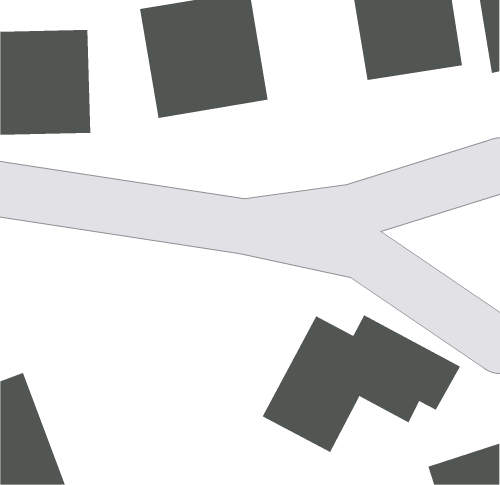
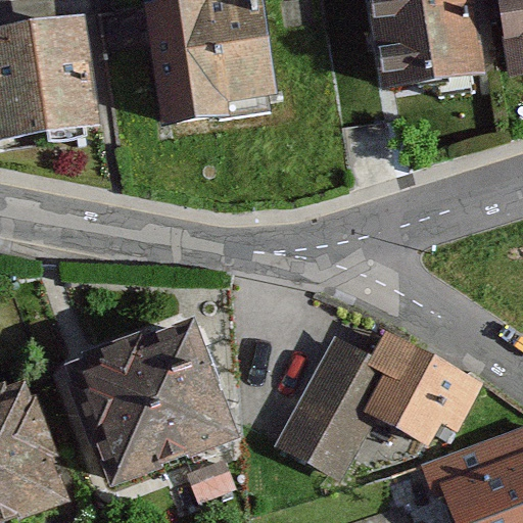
building: none -> [76,331,230,487]

